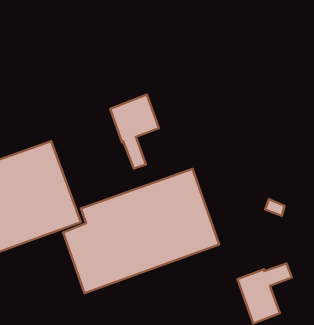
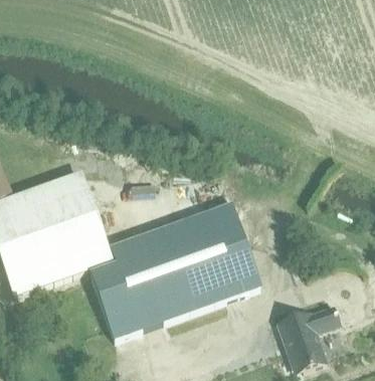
building: [110,94,159,169] -> none

